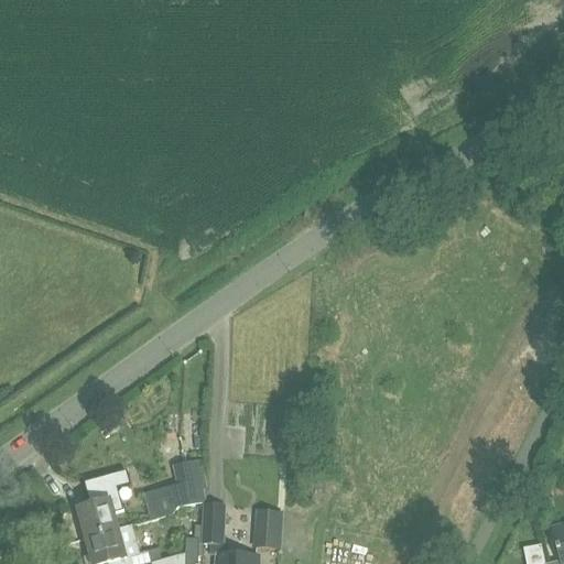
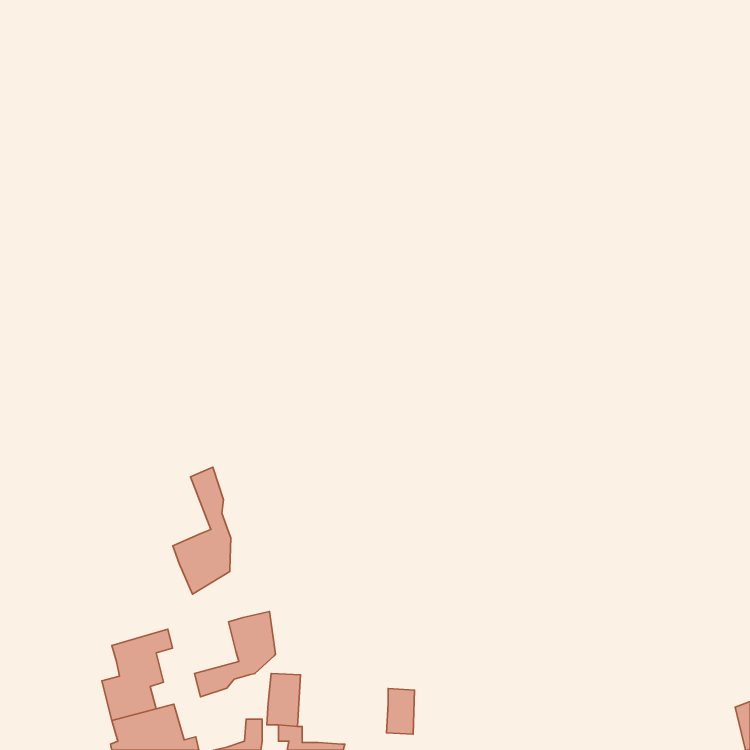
building: none -> [173,467,231,594]
building: [256,512,276,546] -> [387,689,415,734]

